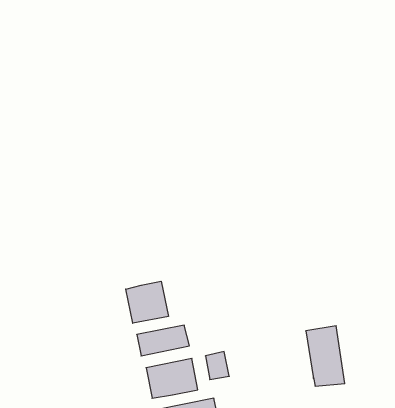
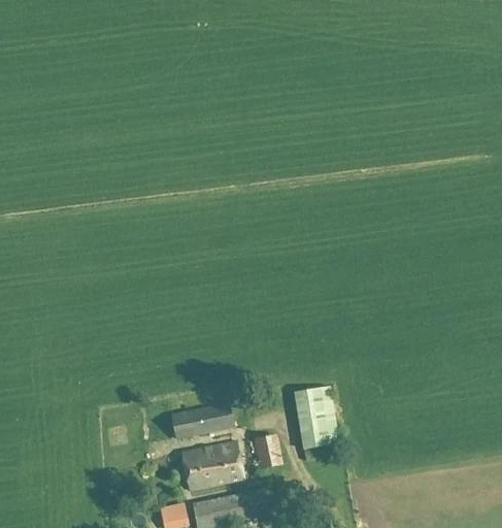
building: [126,281,168,323] -> none
building: [306,326,345,386] -> [293,385,340,458]

